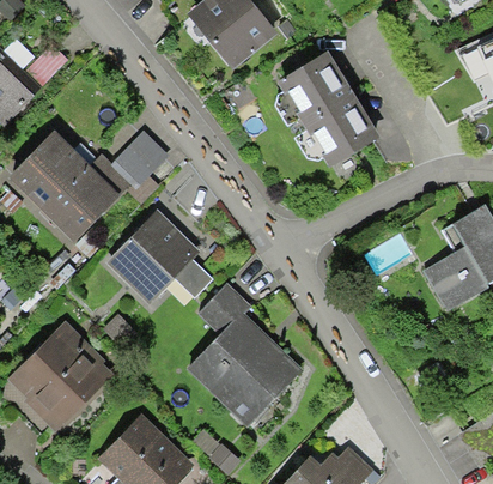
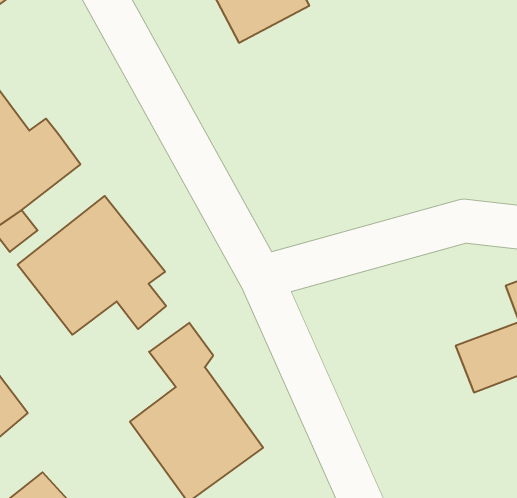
building: [273,58,377,170] -> none
building: [109,129,166,188] -> none

